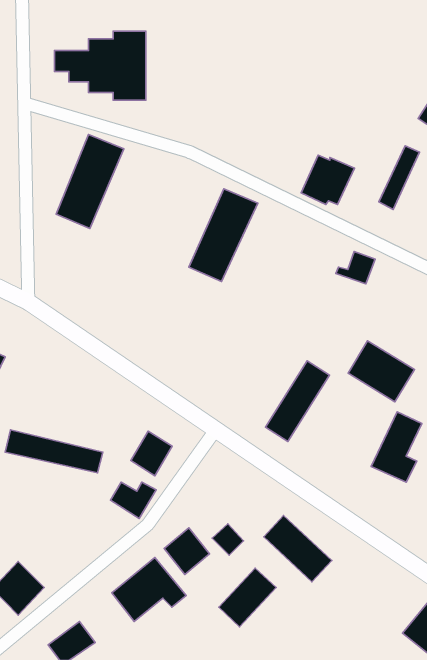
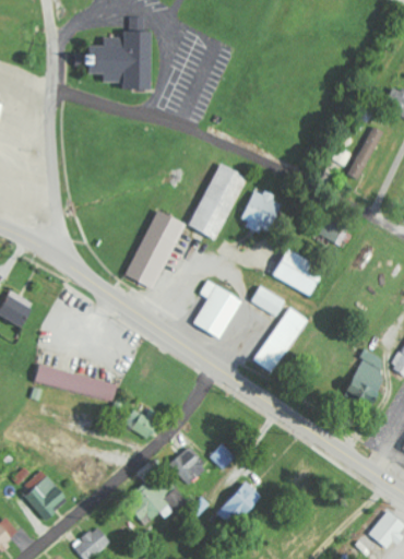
building: [56,135,124,228] -> [127,210,183,288]
building: [301,155,354,205] -> [238,190,283,231]
building: none -> [193,281,241,338]
building: none -> [250,286,285,317]
building: [348,341,414,402] -> [271,248,326,299]
building: [131,431,172,476] -> none
building: [264,515,332,582] -> none

